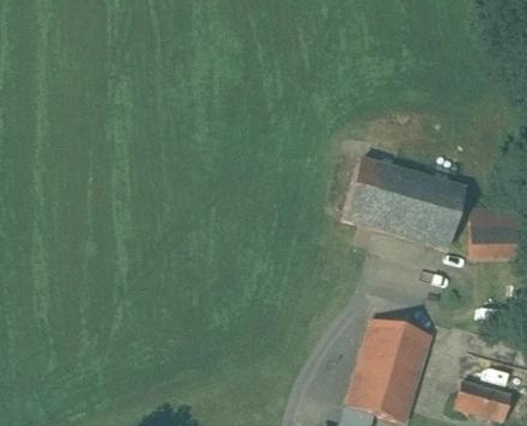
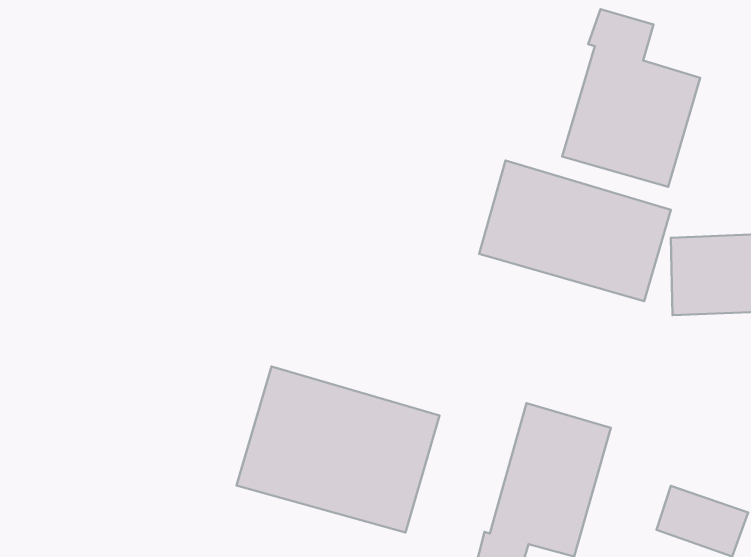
building: none -> [562,9,700,187]
building: none -> [237,367,440,533]

